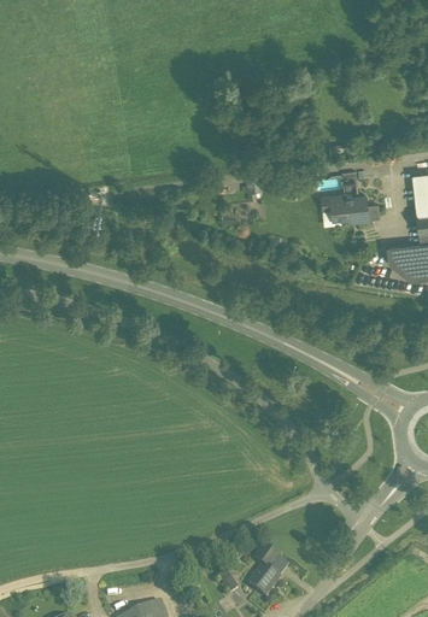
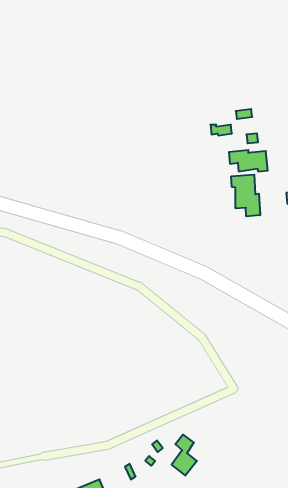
building: none -> [231,175,260,216]

